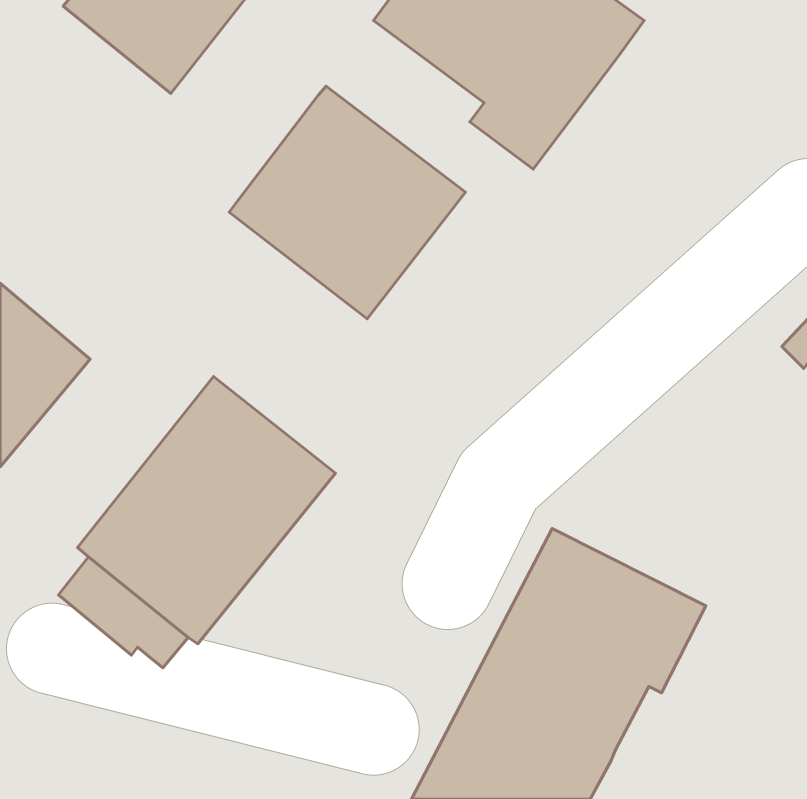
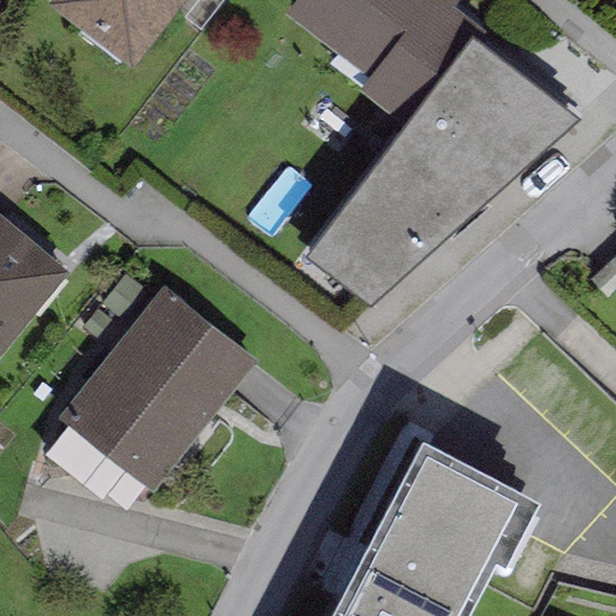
building: none -> [304,41,578,308]
building: [229,86,466,319] -> none

